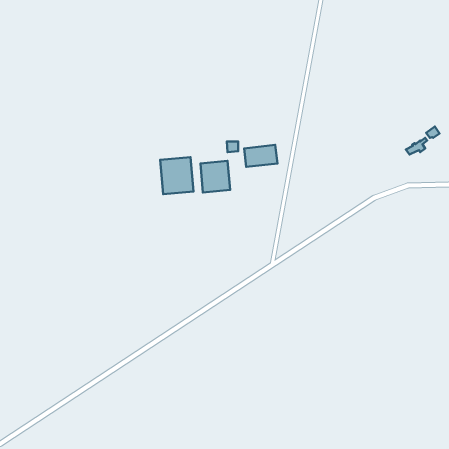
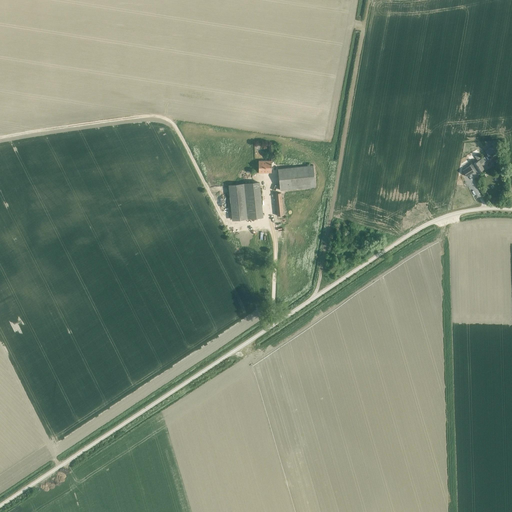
building: [160,157,194,194] -> none

